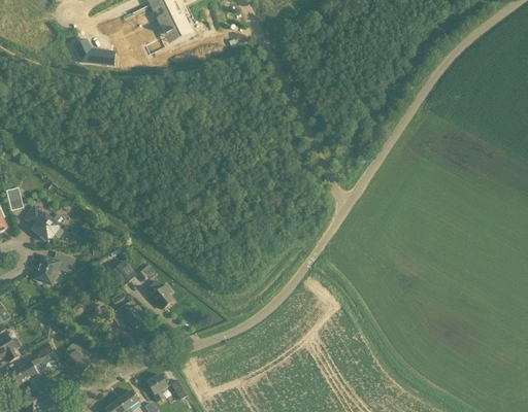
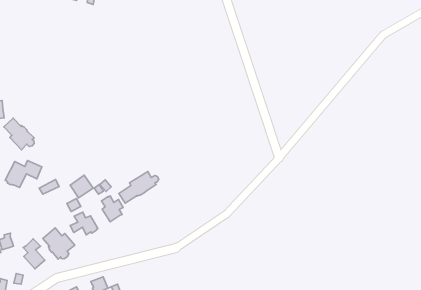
building: none -> [119,171,159,203]
building: none -> [43,228,75,259]

